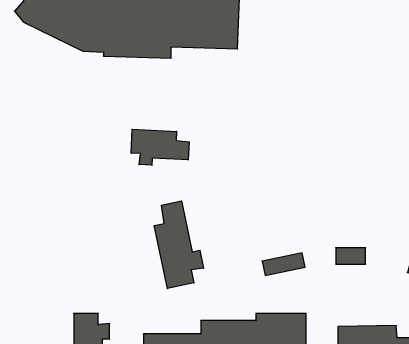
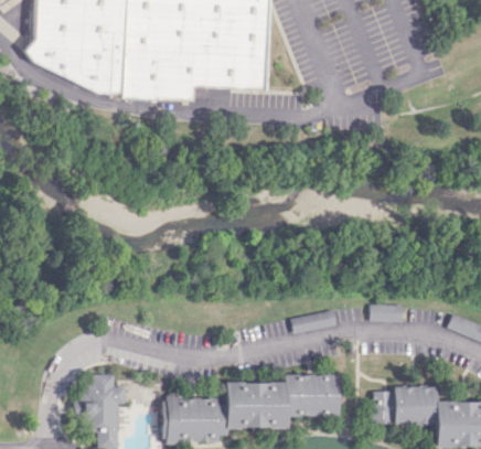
building: [131,129,189,165] -> none
building: [154,201,204,289] -> none

